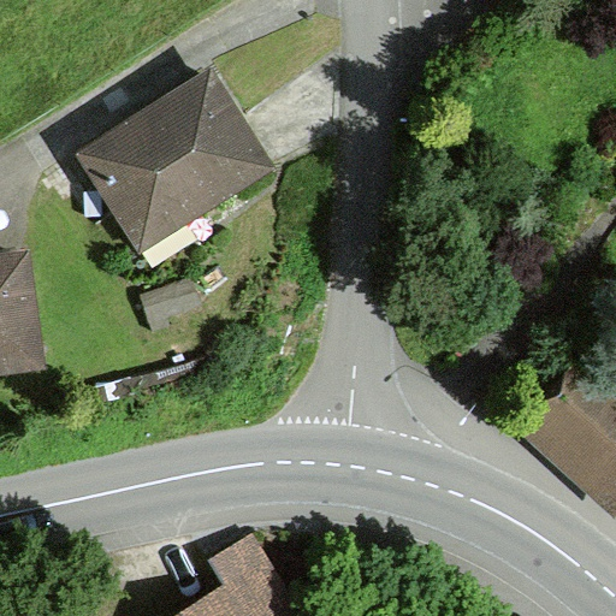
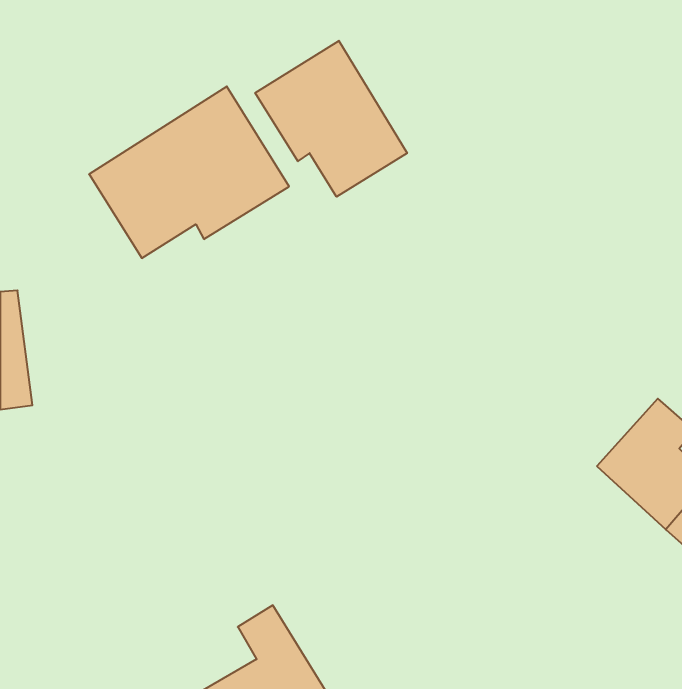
building: none -> [255,41,407,197]

